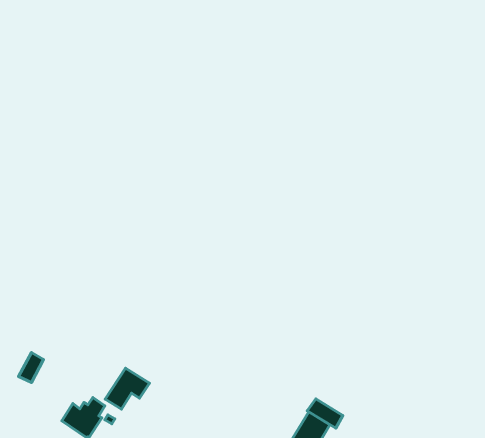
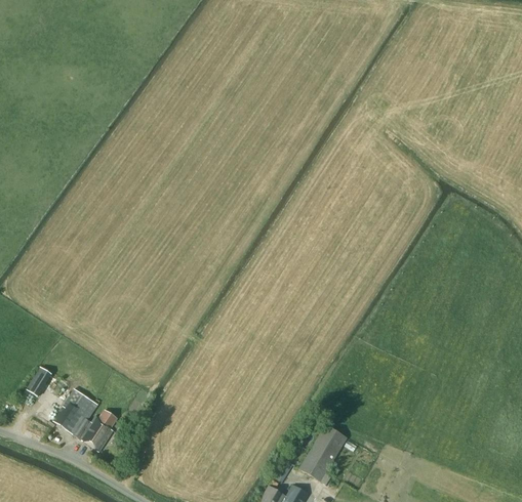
building: [105,368,150,409] -> [53,388,98,430]
building: [307,399,343,428] -> none

